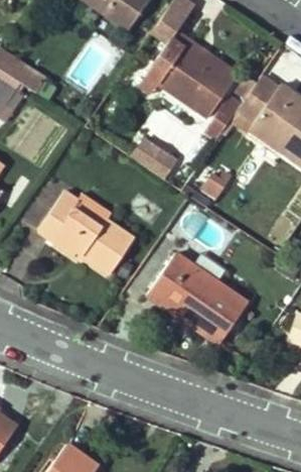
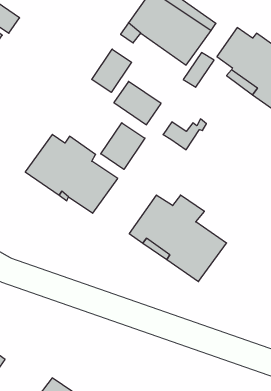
building: none -> [92,49,132,92]
building: none -> [101,123,145,169]

